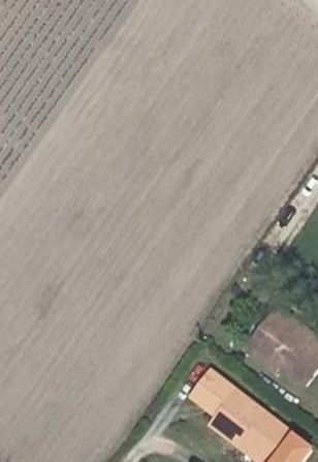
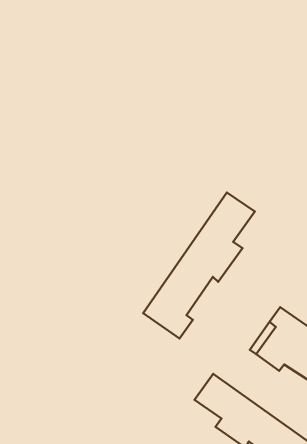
building: none -> [143,192,255,339]

